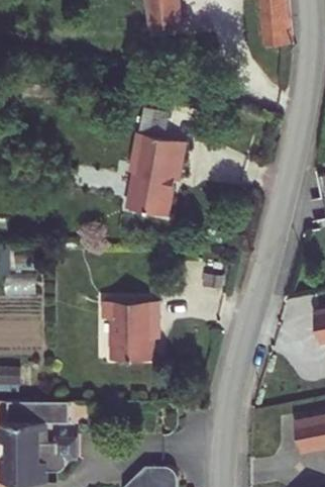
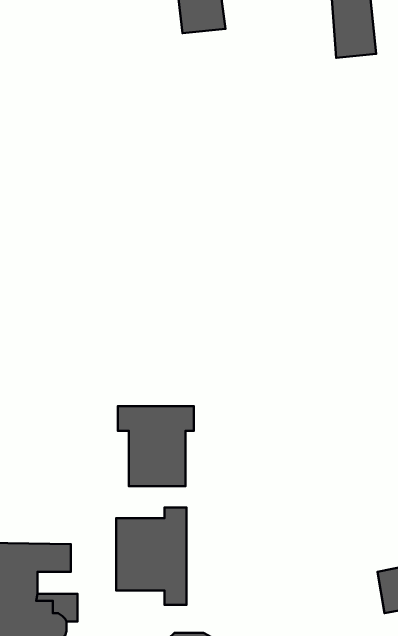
building: [125,135,184,217] -> none
building: none -> [116,508,186,605]

